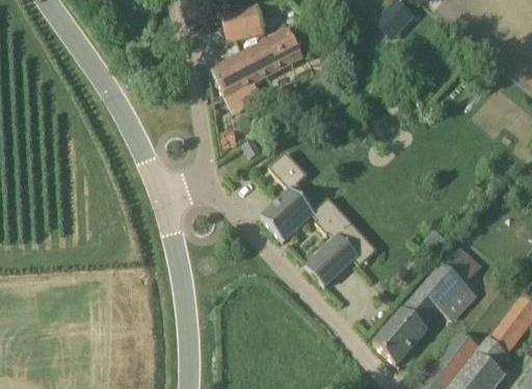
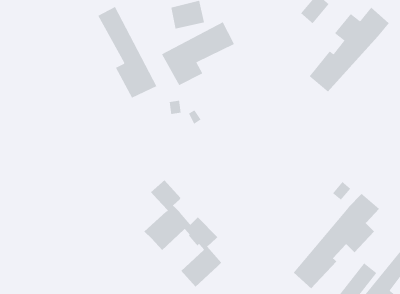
building: none -> [98,6,157,99]
building: none -> [309,7,389,93]
building: [261,152,358,286] -> [144,180,222,287]

